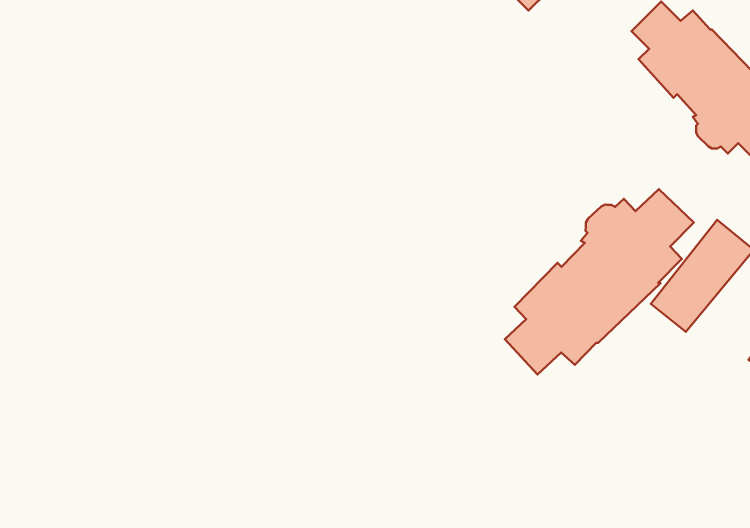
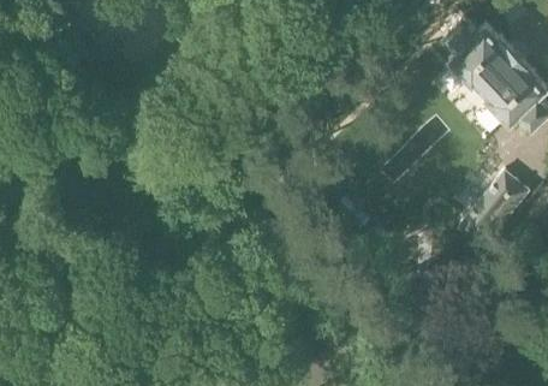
building: [505,189,694,374] -> none

